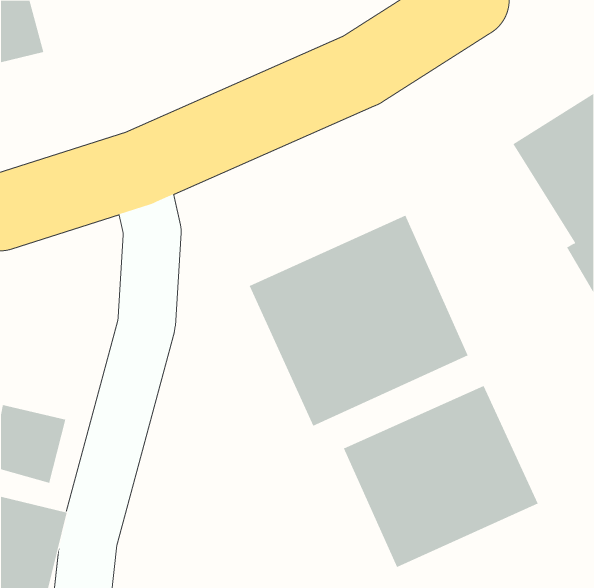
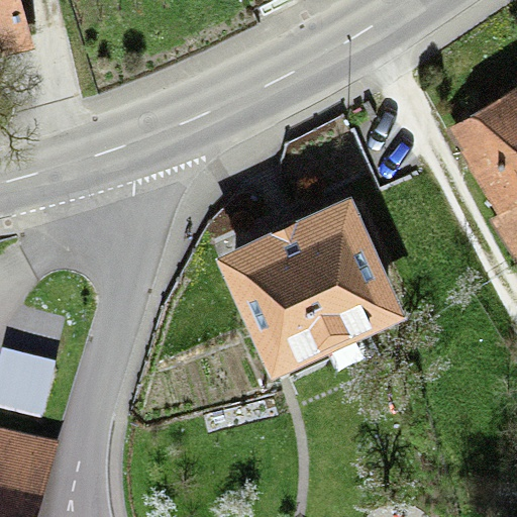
building: [343,385,538,568] -> none

